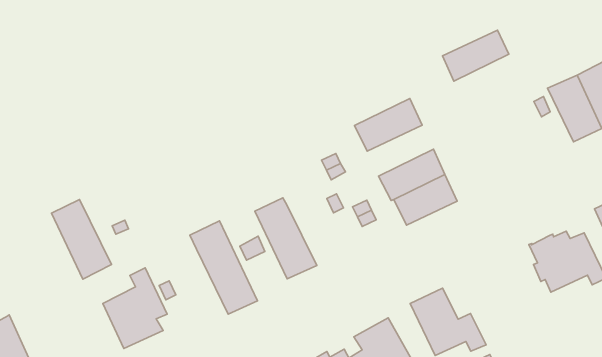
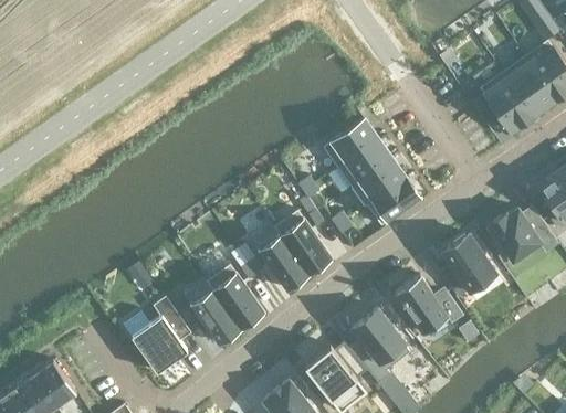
building: [443,30,509,81] -> [335,139,391,189]
building: none -> [274,211,331,274]
building: [51,200,111,279] -> [181,277,240,345]
building: none -> [439,234,495,297]

